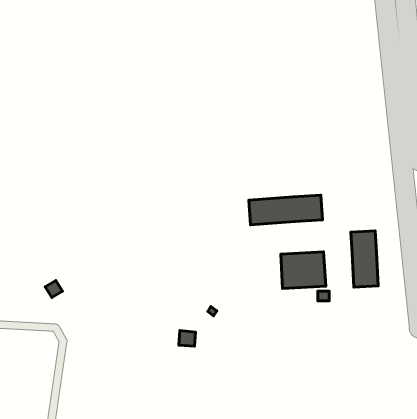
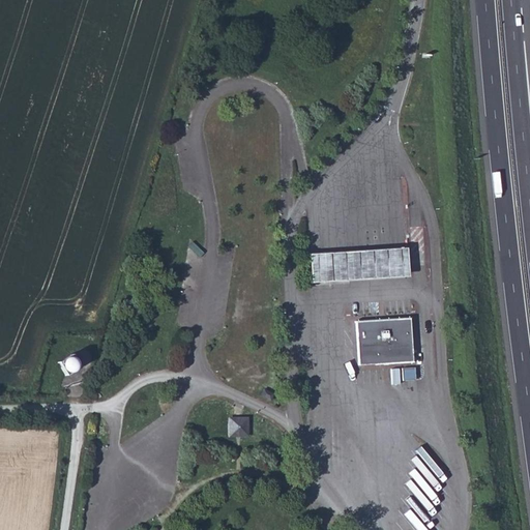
building: [351,231,378,287] -> none

